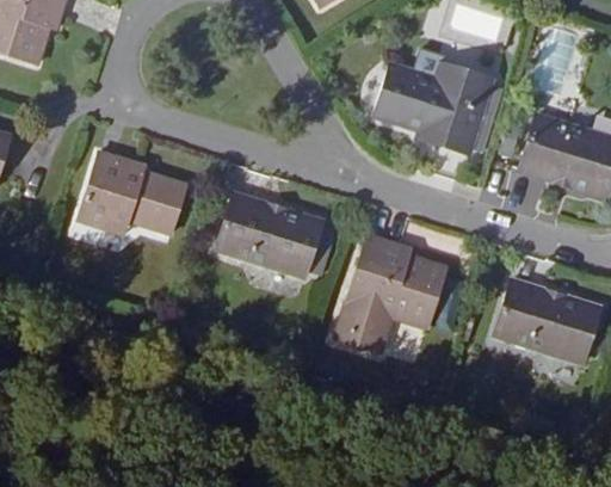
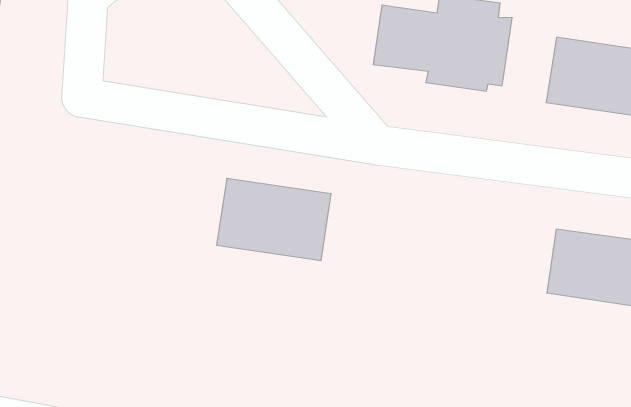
building: [78,153,187,234] -> none
building: [334,235,445,351] -> none

